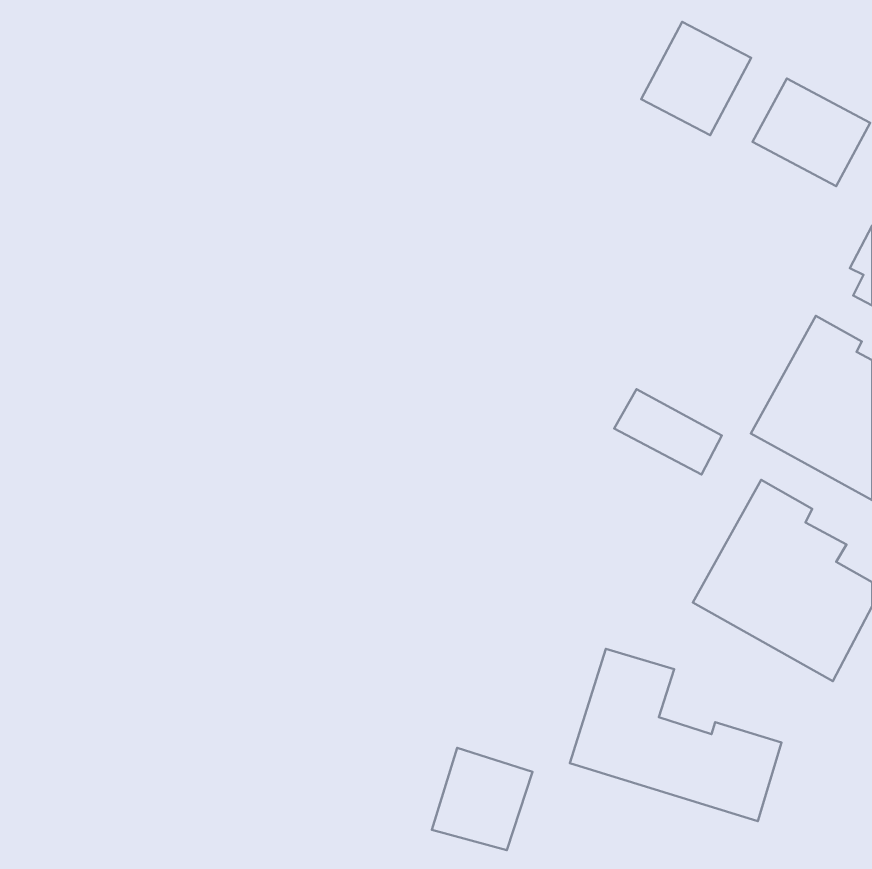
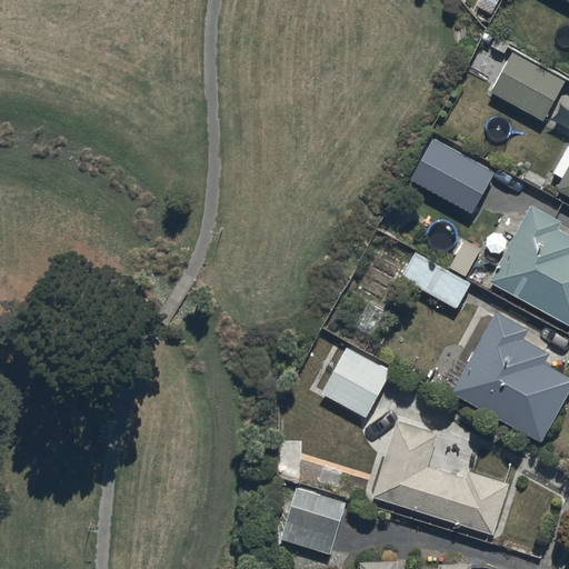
building: [641,22,751,135] -> none
building: none -> [416,141,492,212]
building: none -> [322,349,391,418]

